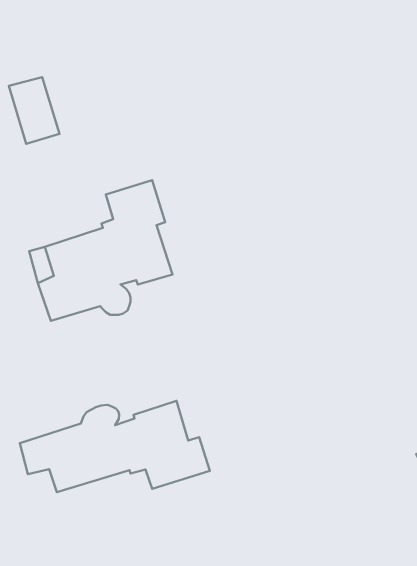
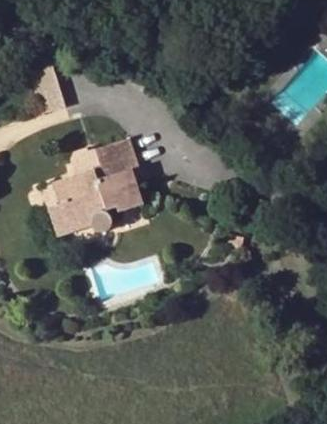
building: [20,401,210,492] -> none

